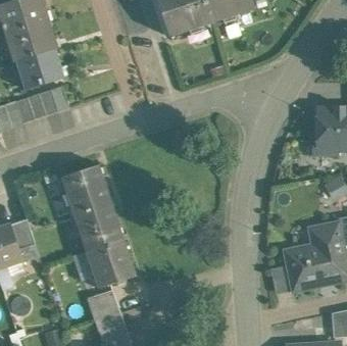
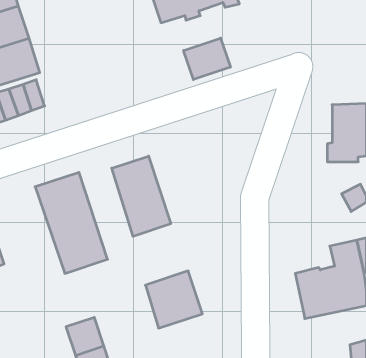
building: none -> [184,38,230,80]
building: none -> [112,156,171,236]
building: [86,239,135,288] -> [145,271,202,328]

